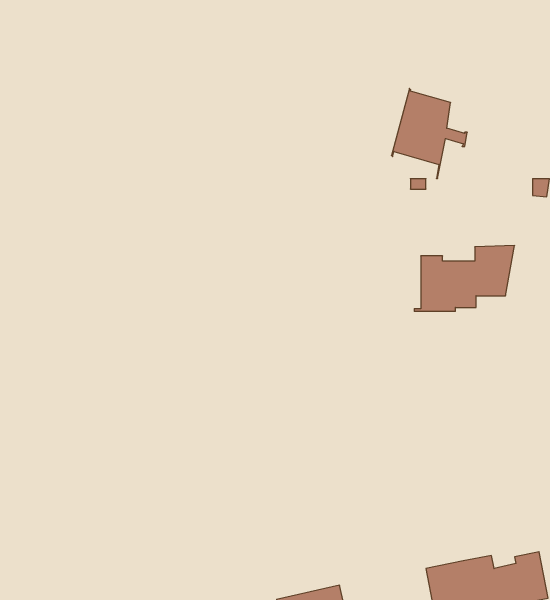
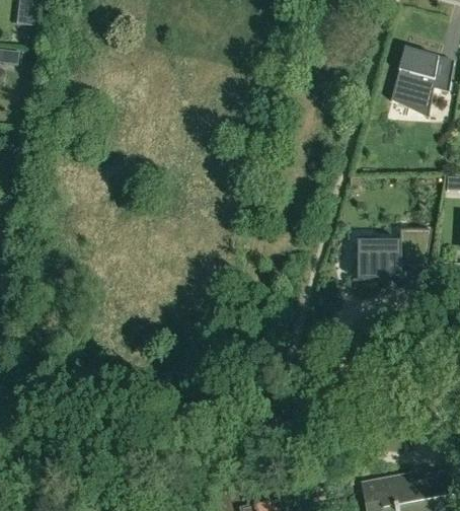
building: [391,88,467,178] -> [391,47,451,118]

